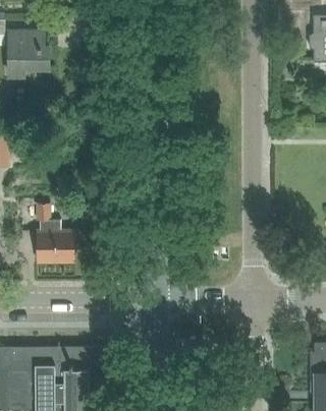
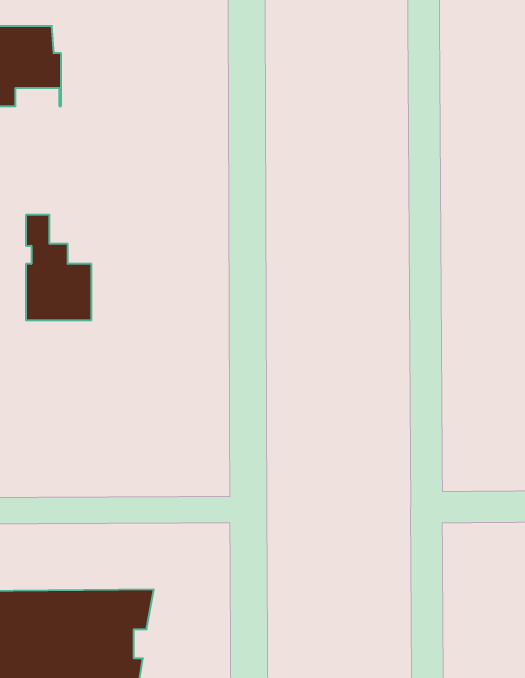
building: [37,203,73,262] -> [26,215,91,320]

